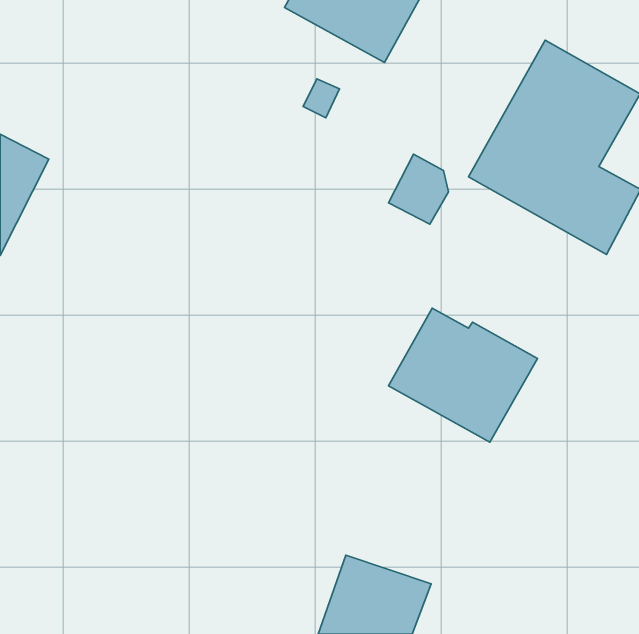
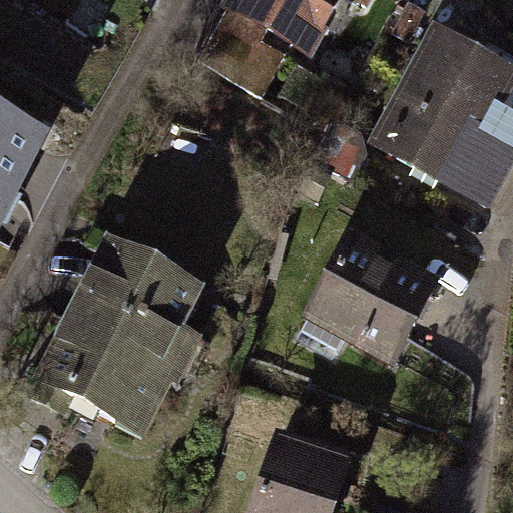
building: none -> [33,246,194,431]

